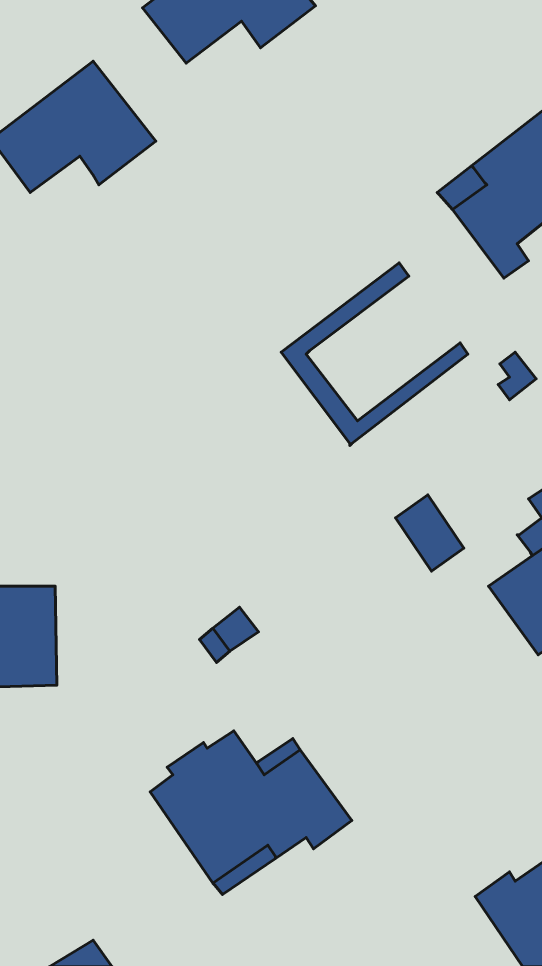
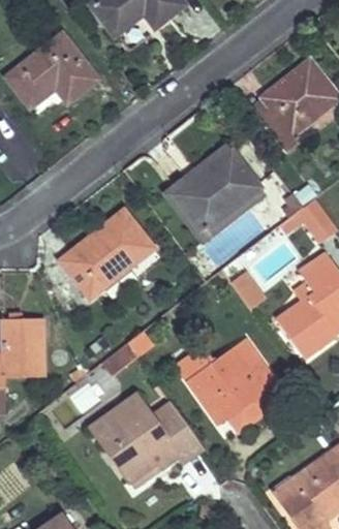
building: none -> [178,151,261,229]
building: none -> [59,210,153,299]
building: none -> [177,340,277,432]

